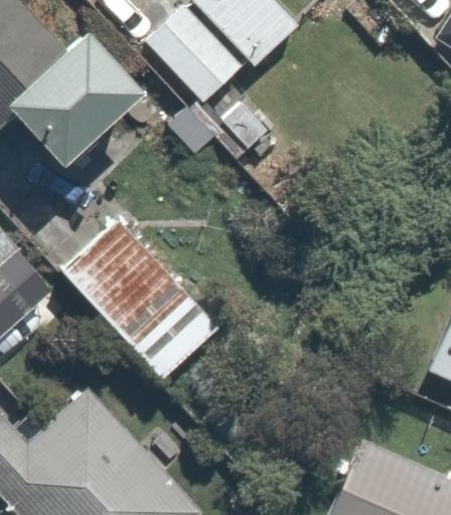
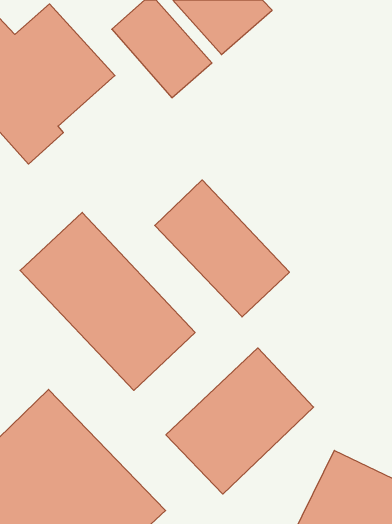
building: none -> [155,180,289,317]
building: none -> [166,348,314,494]

